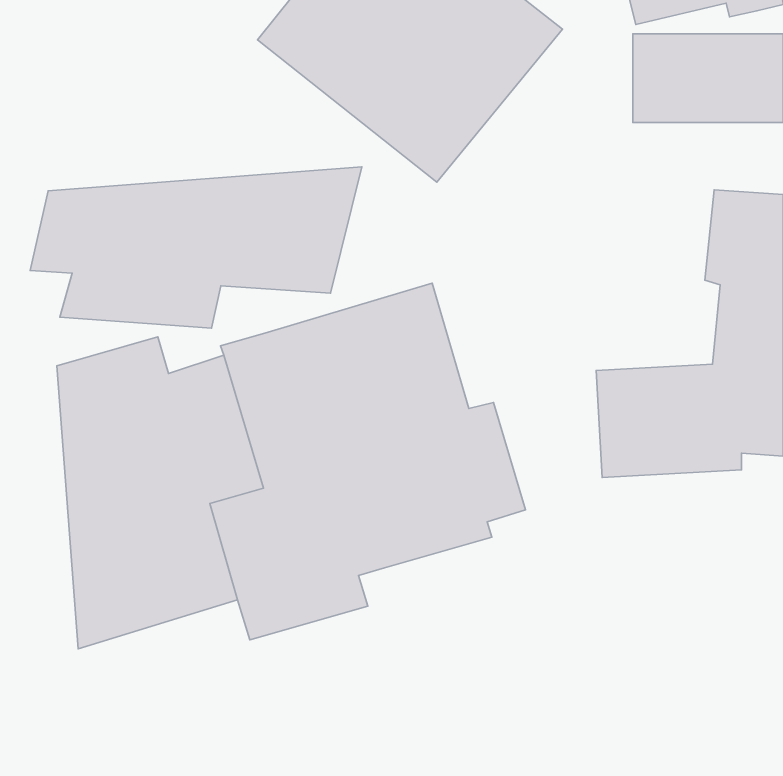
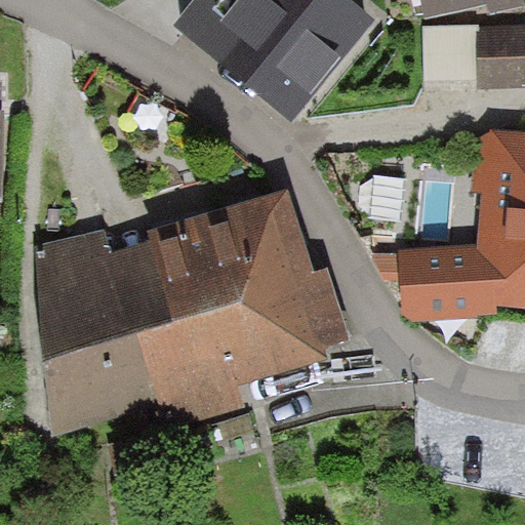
building: [30,167,362,328] -> none

